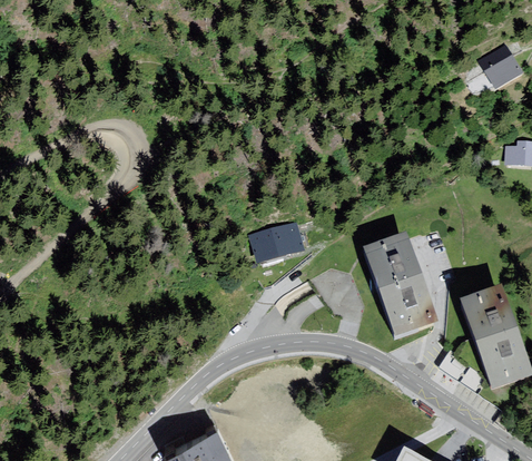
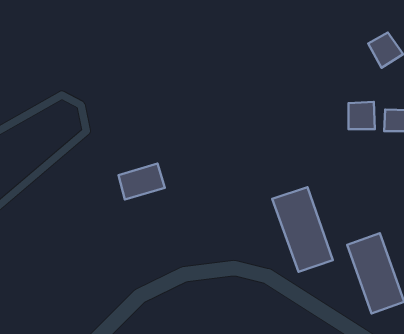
building: none -> [348,102,375,129]
building: [249,220,306,265] -> [119,163,165,200]

